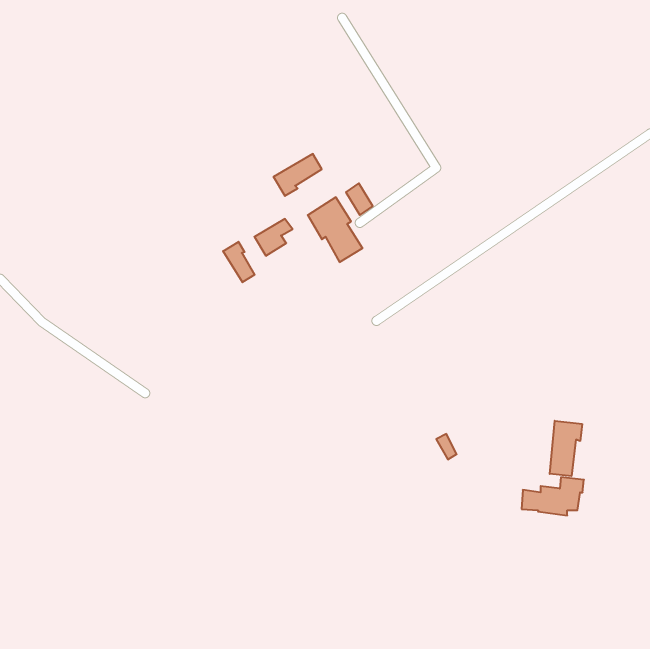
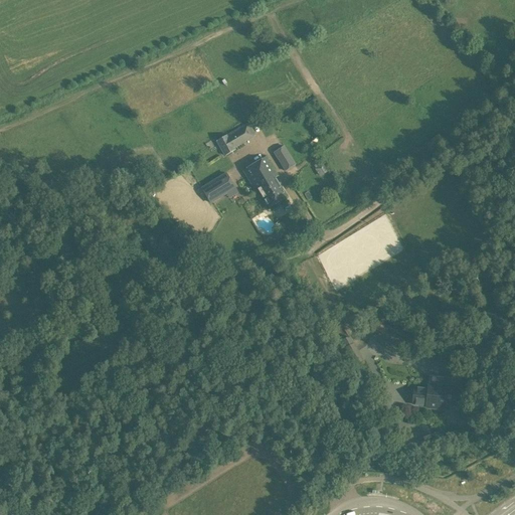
building: [223,242,255,282] -> none
building: [550,421,582,476] -> none

